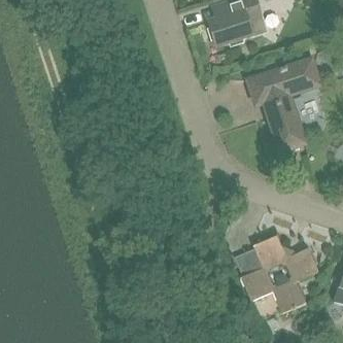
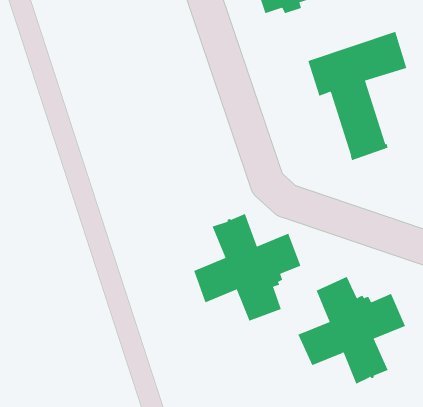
building: none -> [193,213,301,321]

